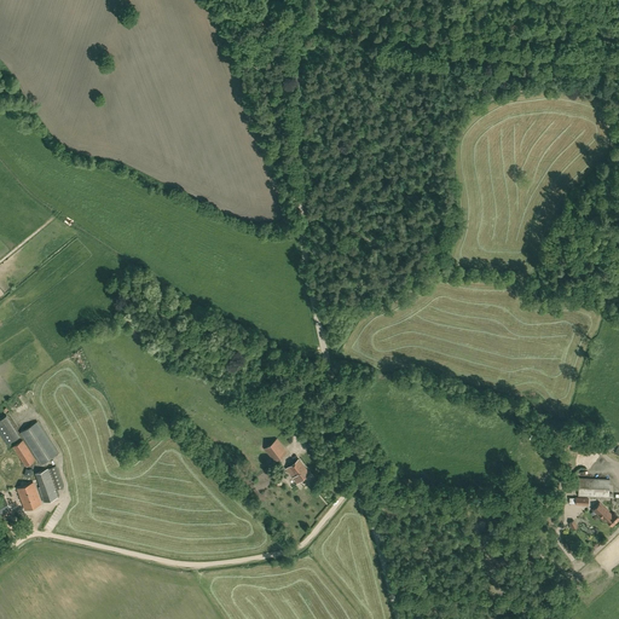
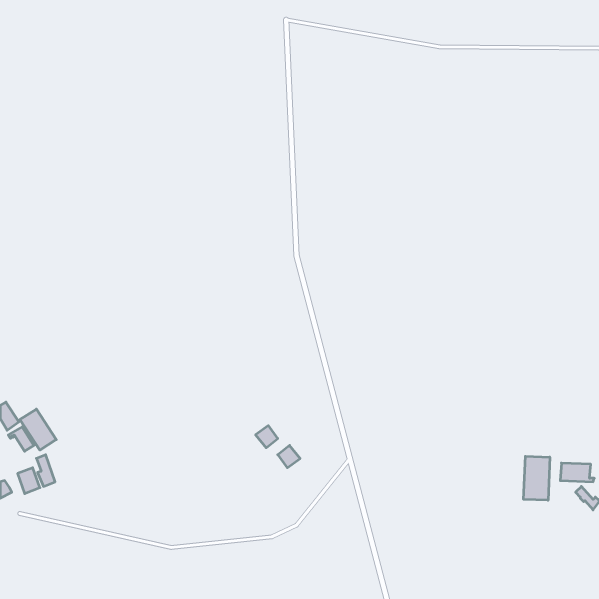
building: none -> [524,456,550,500]

